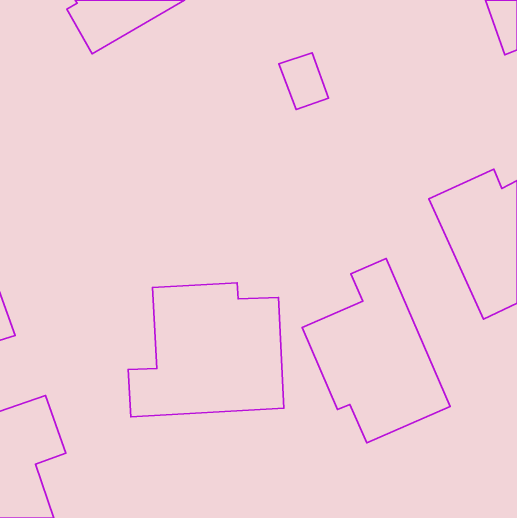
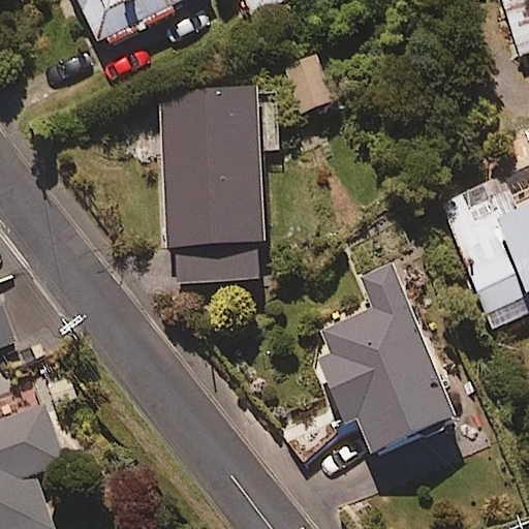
building: none -> [158,86,267,280]
building: [128,283,284,417] -> none

